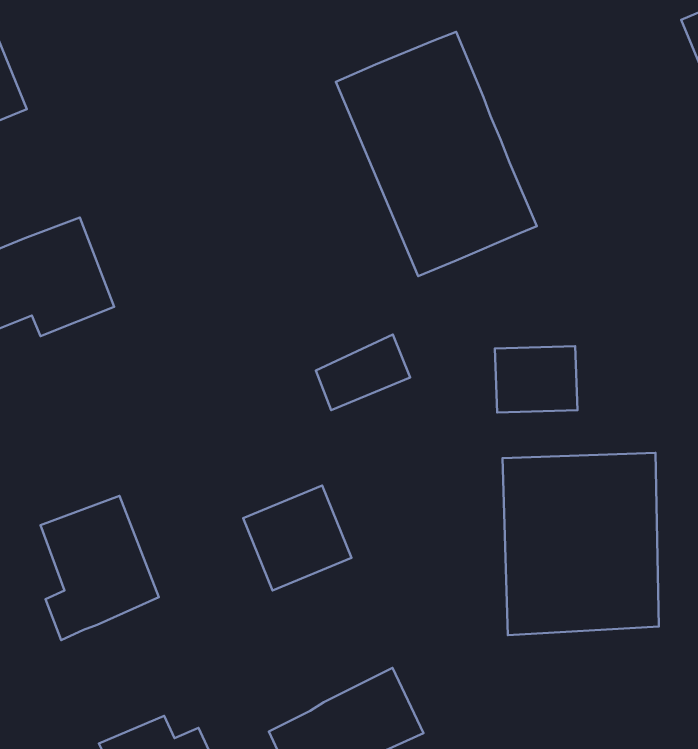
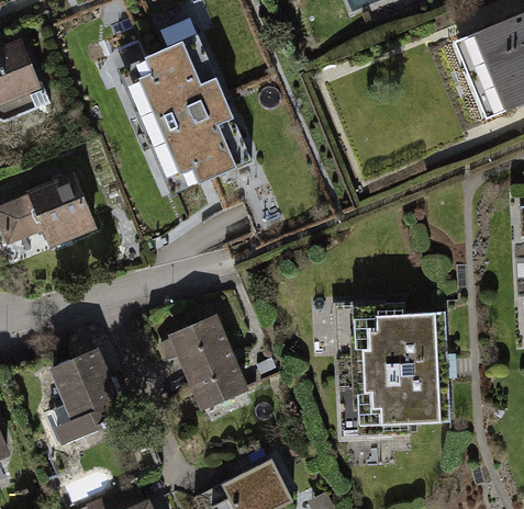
building: [336,32,537,276] -> [116,36,245,192]
building: [316,335,410,410] -> [169,312,230,360]
building: [495,346,577,412] -> none

